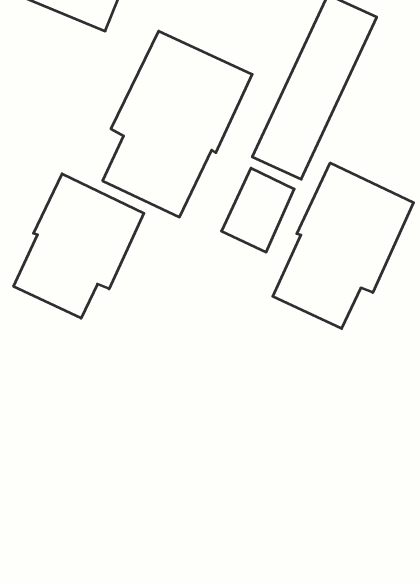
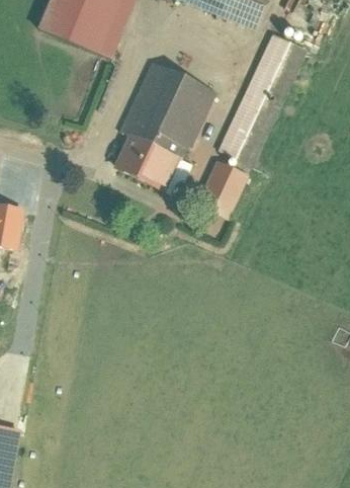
building: [273,163,414,329] -> none
building: [14,174,144,318] -> none

